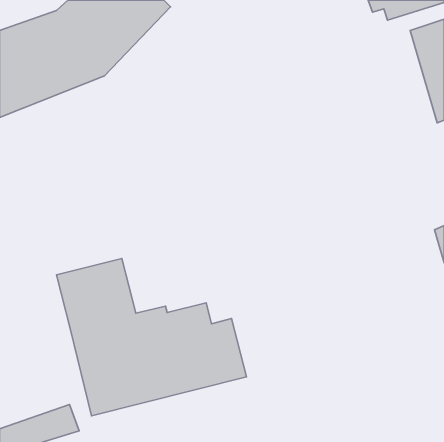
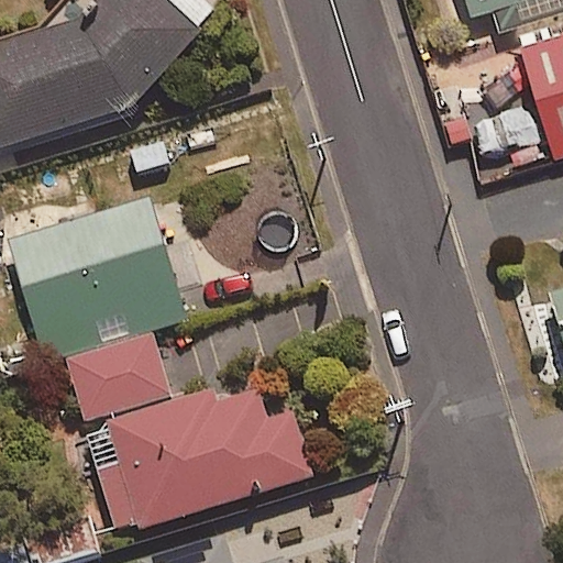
building: none -> [10,201,190,358]

